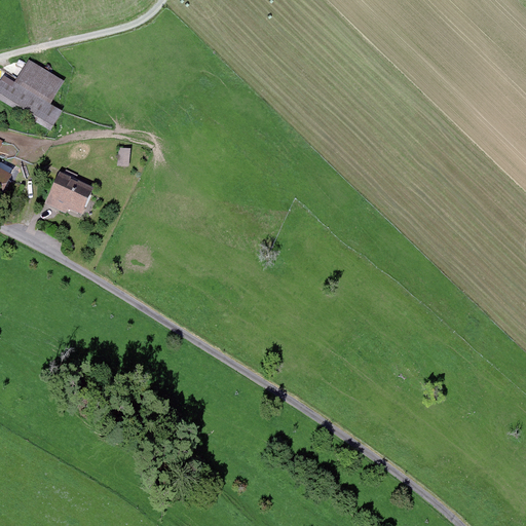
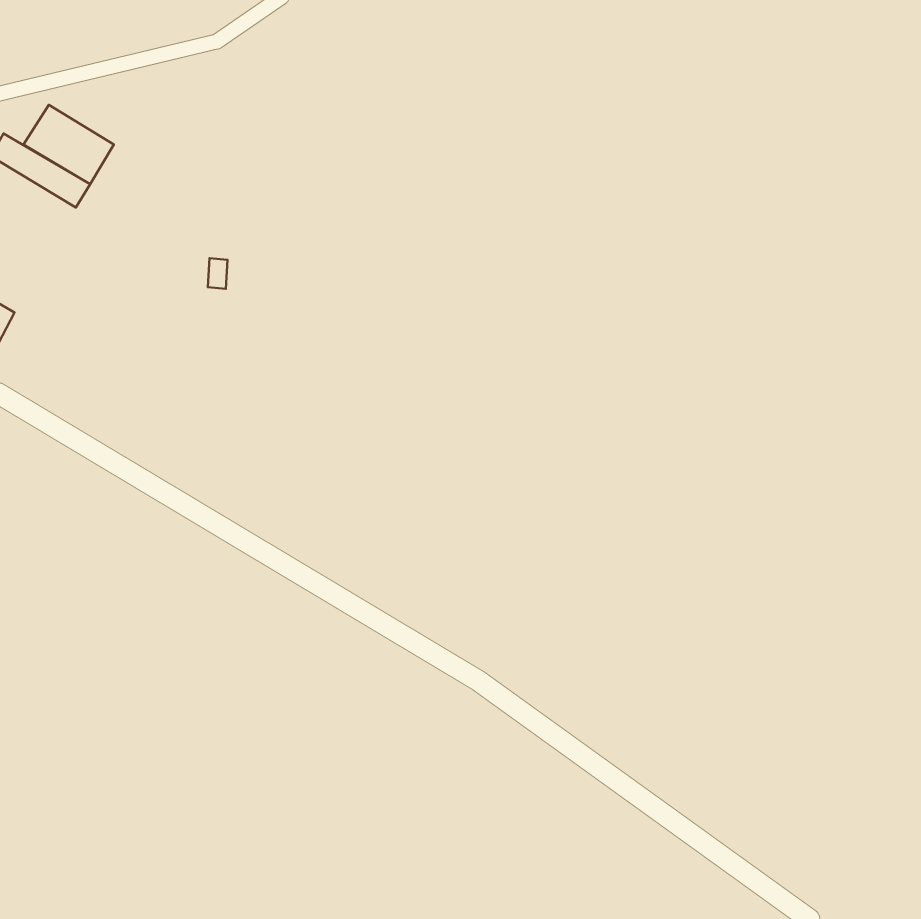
building: [46,176,90,212] -> none

